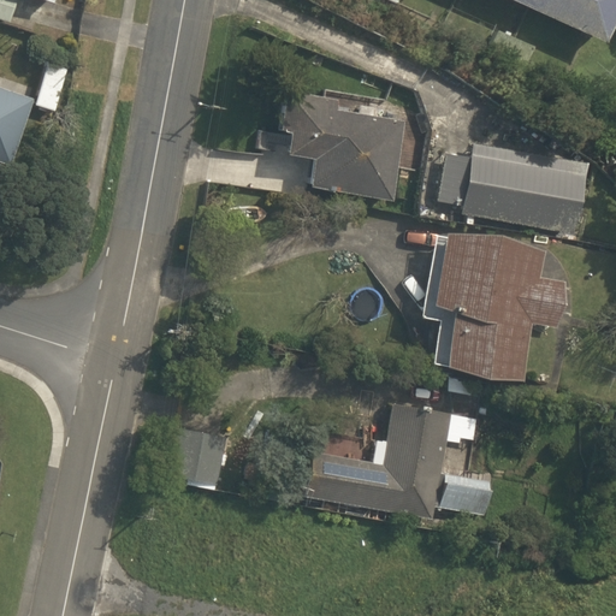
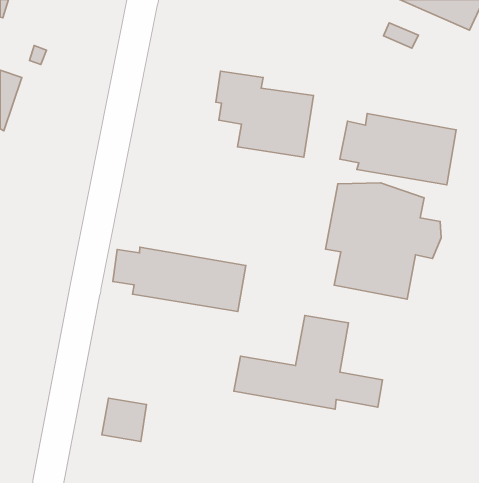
building: none -> [113,247,246,312]
building: [171,428,227,484] -> [102,398,146,442]

